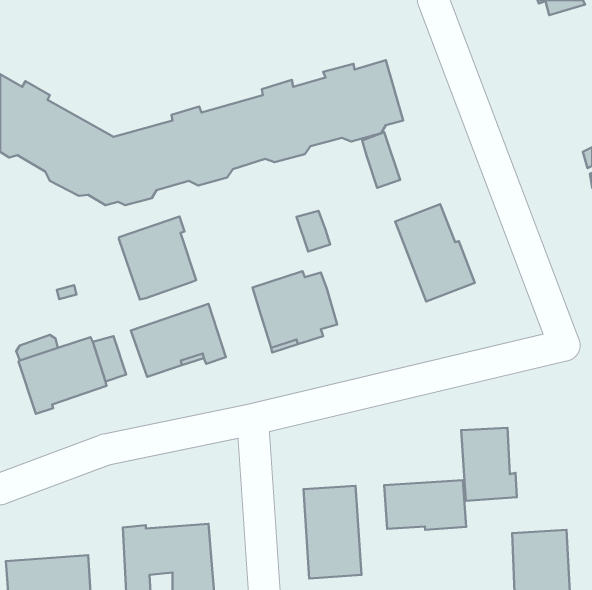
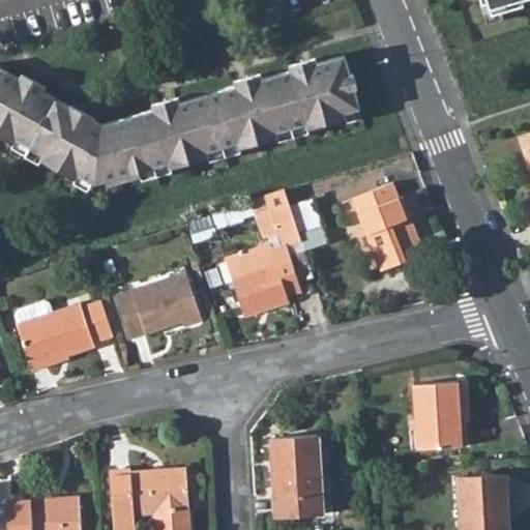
building: [362,132,400,188] -> [291,200,325,249]
building: [119,217,196,299] -> none
building: [384,480,466,530] -> none

